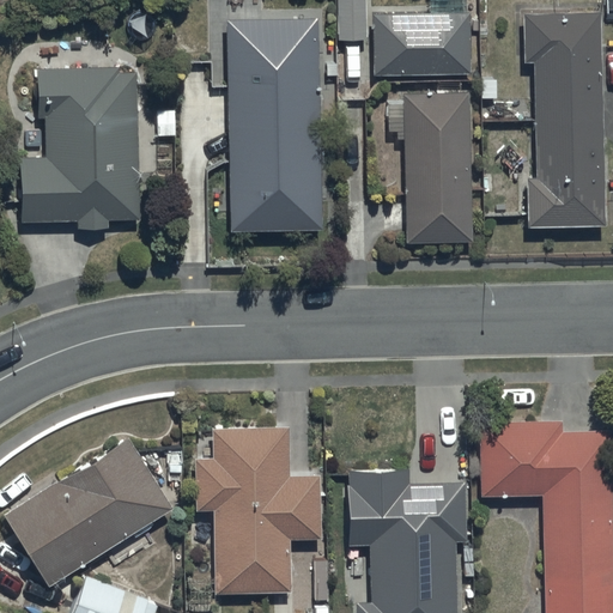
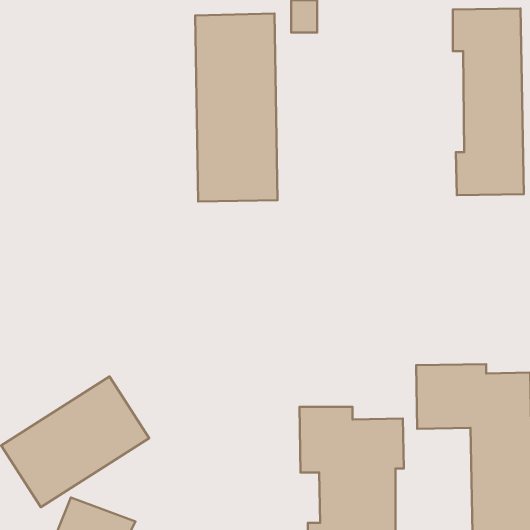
building: [374,14,471,74] -> none
building: [22,71,138,230] -> none
building: [388,95,471,242] -> none
building: [194,426,322,595] -> none

